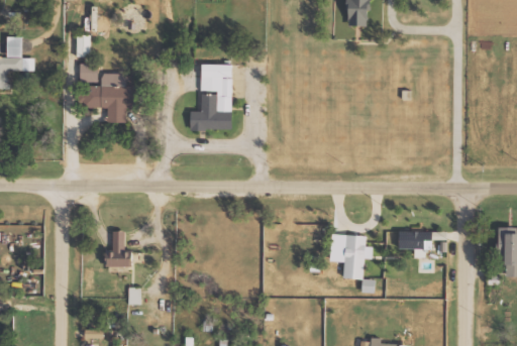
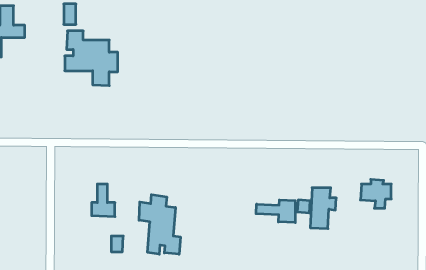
building: [190,65,231,130] -> none
building: none -> [139,195,180,254]
building: none -> [256,200,295,223]

